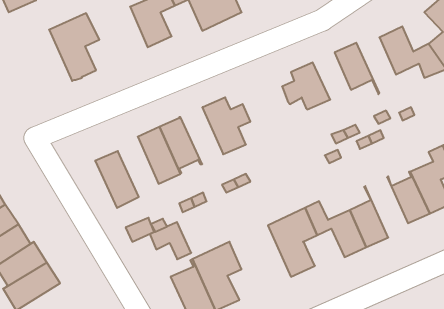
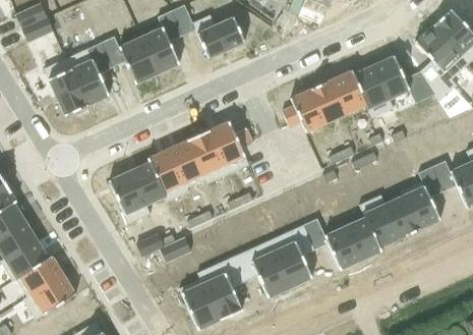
building: none -> [101,37,158,85]
building: none -> [44,58,87,116]
building: none -> [352,65,393,117]
building: none -> [311,79,347,123]
building: none -> [188,130,228,183]
building: none -> [130,158,168,214]
building: none -> [360,196,400,252]
building: none -> [234,240,291,298]

